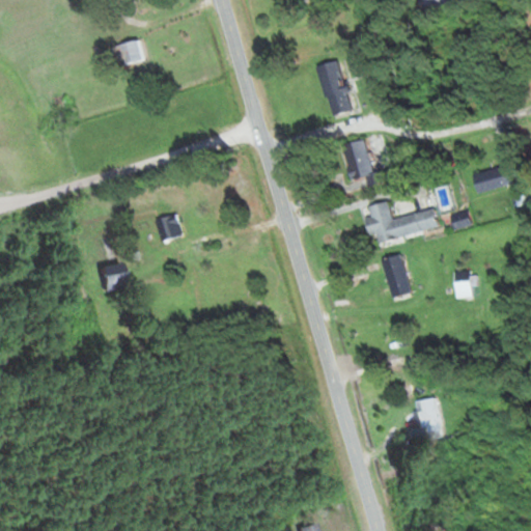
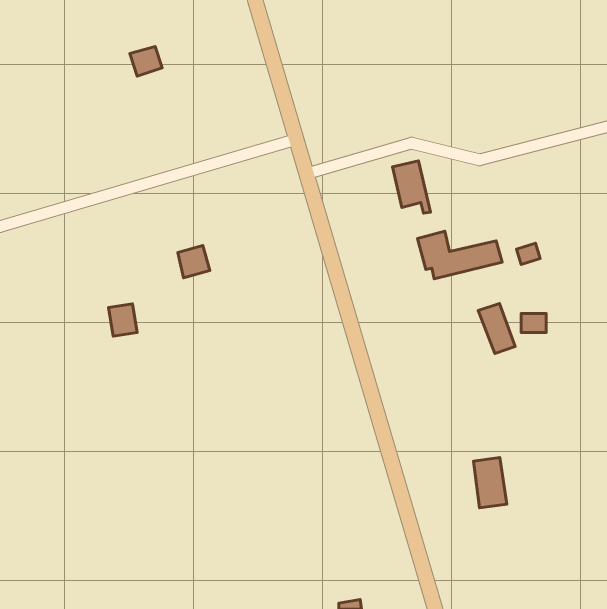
building: [318,61,353,116] -> none
building: [473,166,512,194] -> none
building: [381,255,413,299] -> [478,303,515,354]

